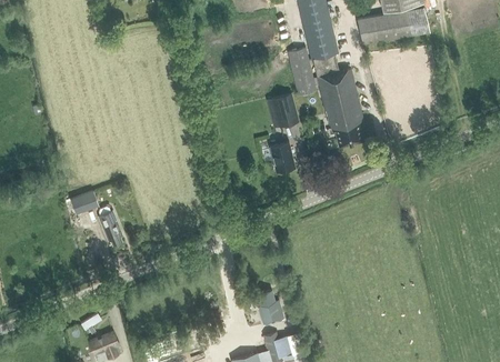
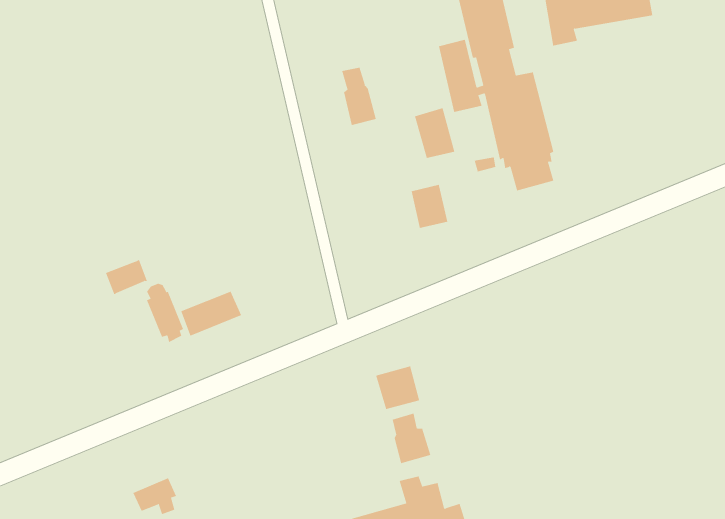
building: none -> [341,67,376,126]
building: none -> [180,291,242,337]
building: none -> [375,365,420,410]

